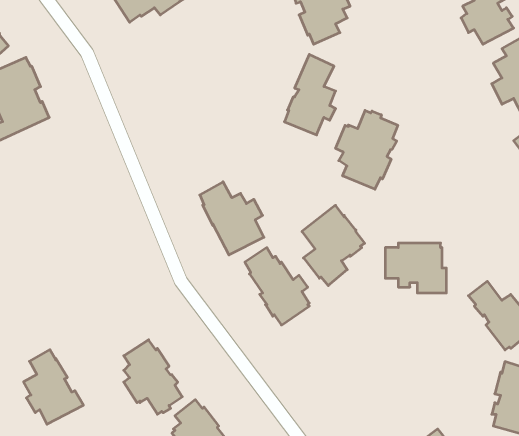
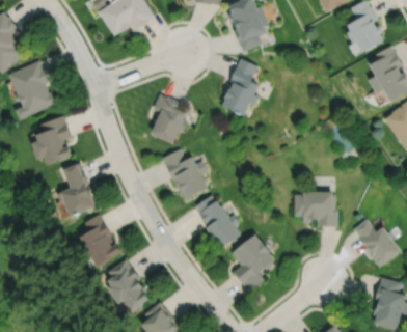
building: none -> [151,95,187,144]
building: [336,110,398,189] -> none
building: none -> [31,117,73,166]
building: none -> [57,165,96,219]
building: [302,205,365,286] -> [230,236,275,293]
building: [24,350,83,424] -> [80,216,123,269]

